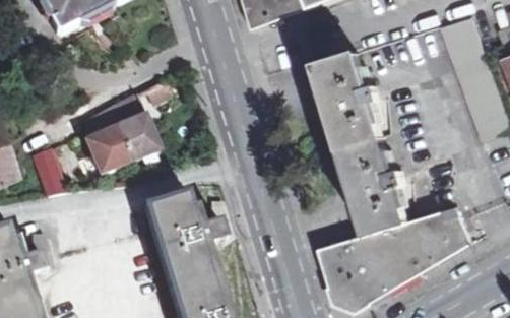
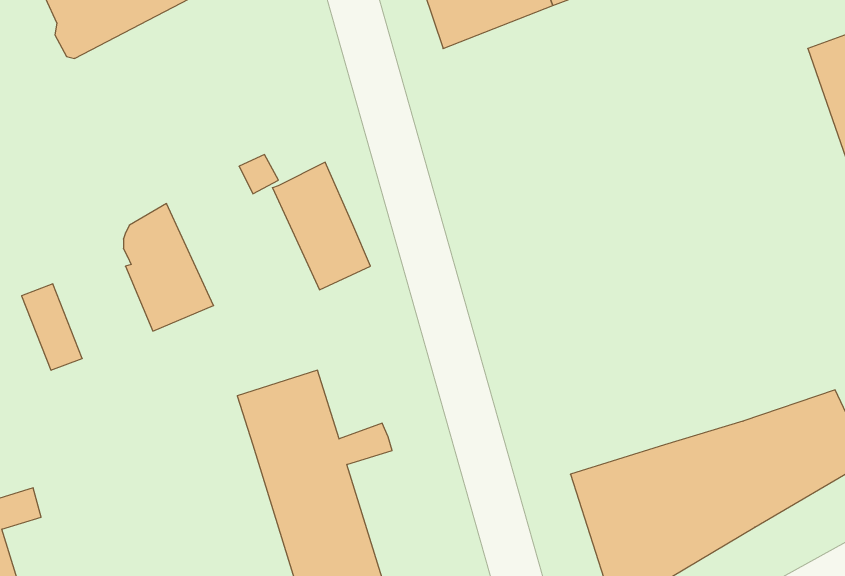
building: [315,51,407,233] -> none
building: [109,94,160,161] -> [272,162,370,290]

